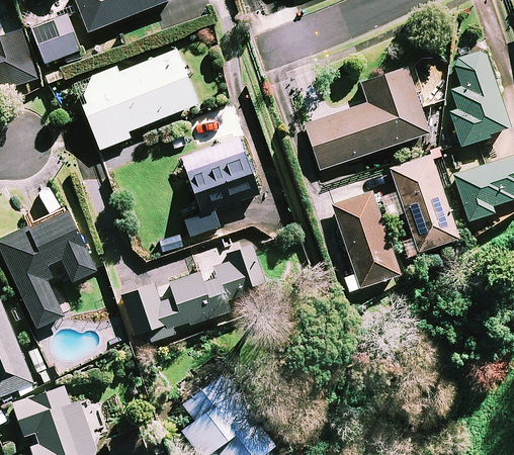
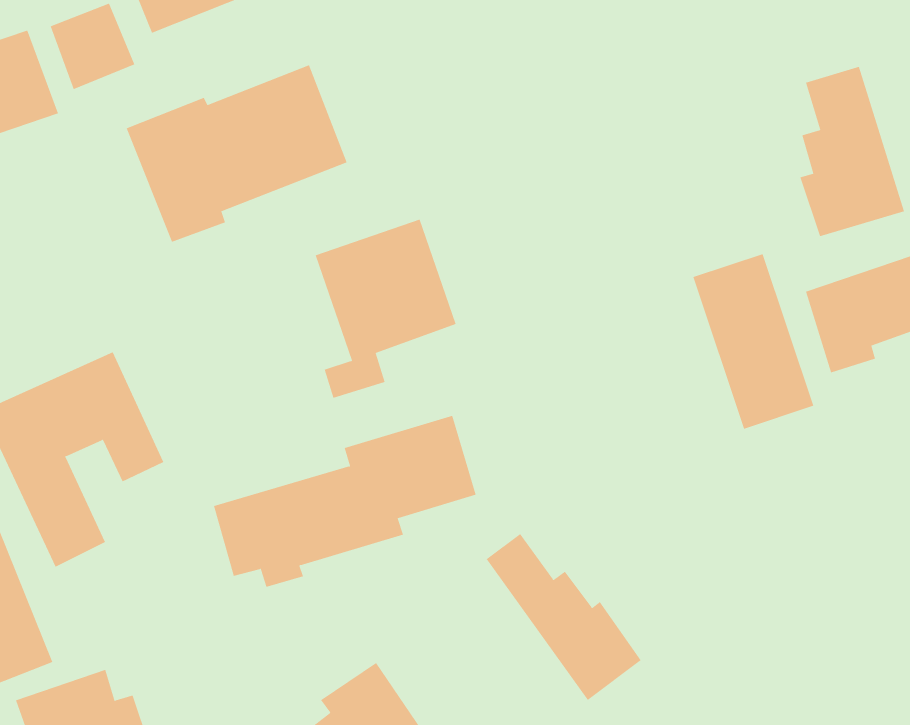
building: [305,68,428,169] -> none
building: [332,190,400,291] -> none
building: none -> [486,533,642,701]

